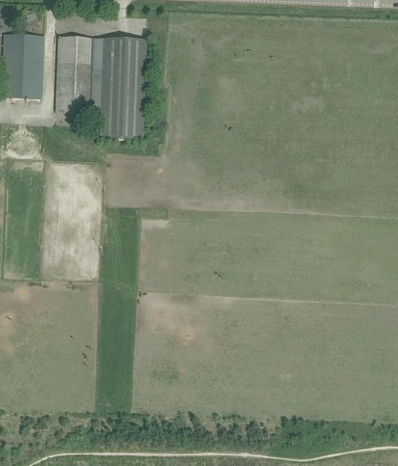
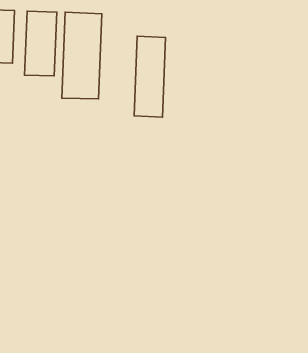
building: none -> [134,36,165,117]

